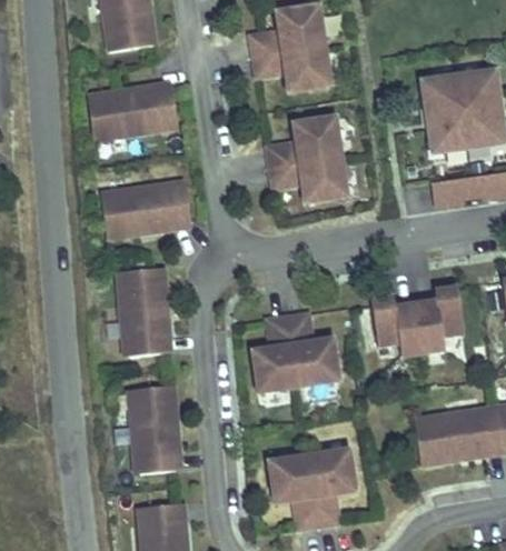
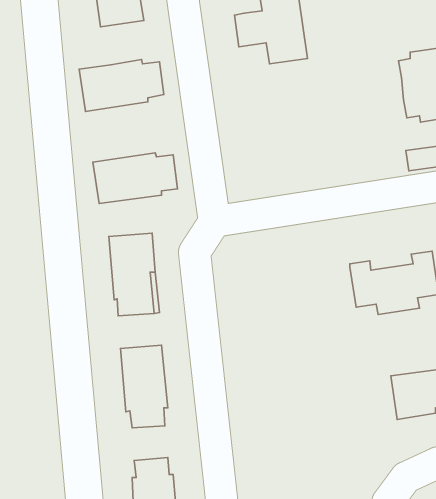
building: [268,118,345,202] -> none
building: [252,314,337,391] -> none
building: [270,450,354,527] -> none

